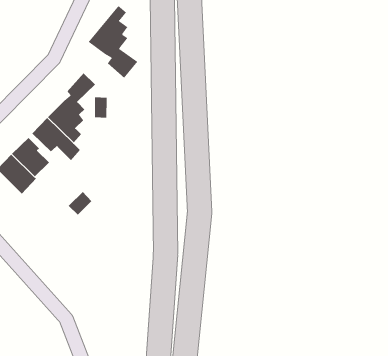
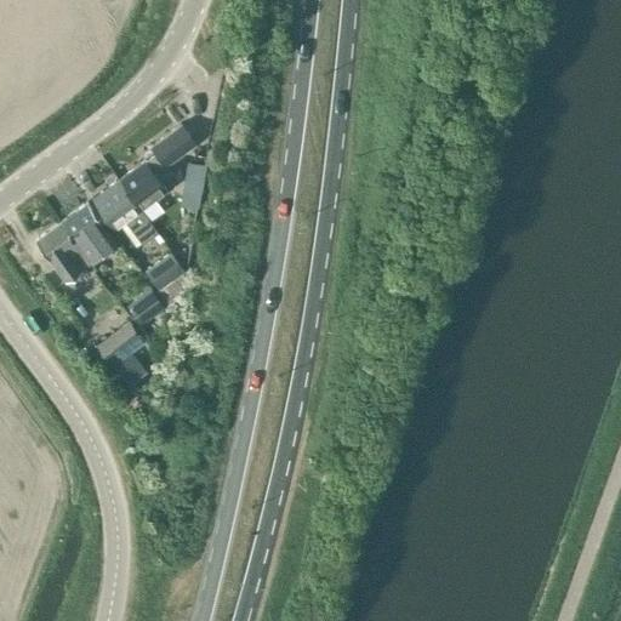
building: [88,5,138,78] -> none
building: none -> [144,253,184,292]
building: none -> [97,323,143,388]

